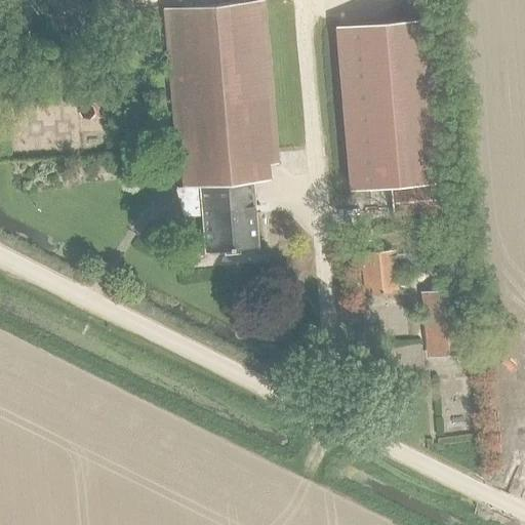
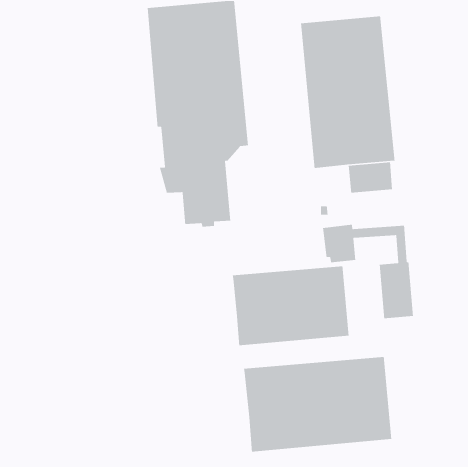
building: none -> [232,265,350,346]
building: none -> [243,356,392,452]

